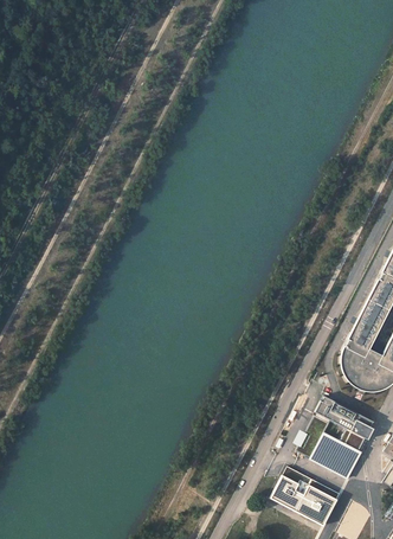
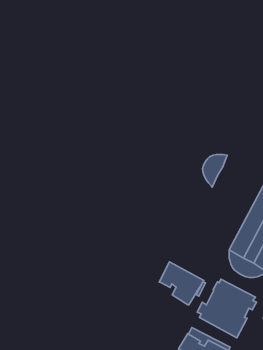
building: none -> [203,154,227,187]
building: none -> [159,262,204,305]

